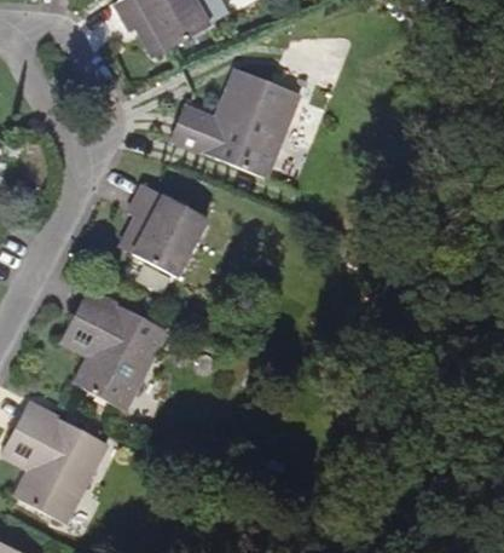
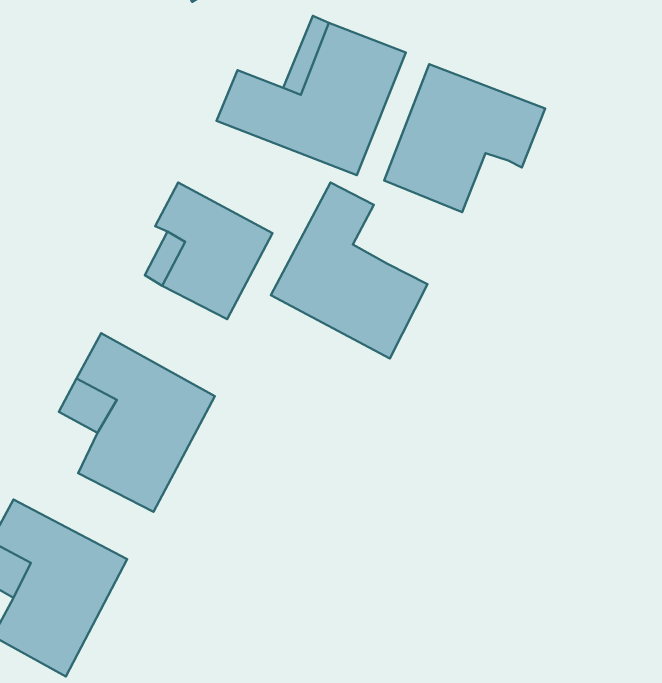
building: none -> [384,64,545,212]
building: none -> [271,183,427,358]

